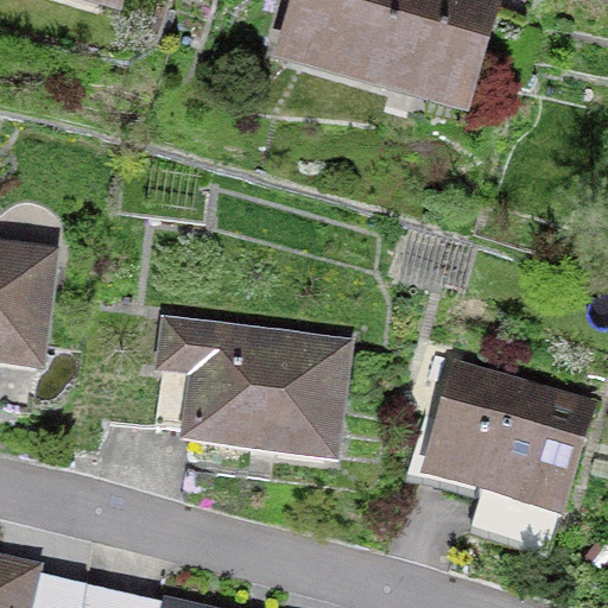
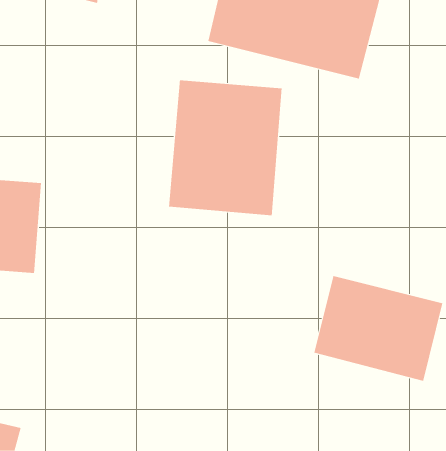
building: none -> [169,79,282,216]
building: [145,317,348,458] -> none

